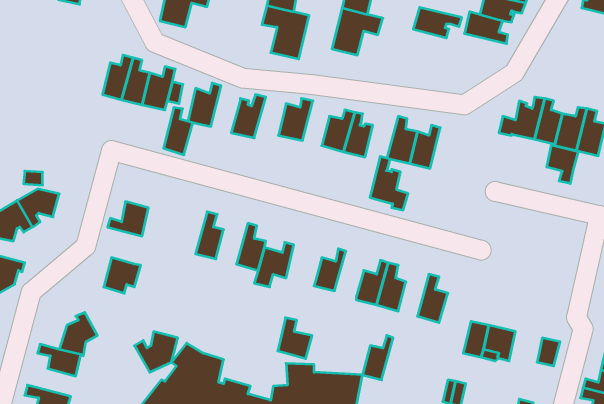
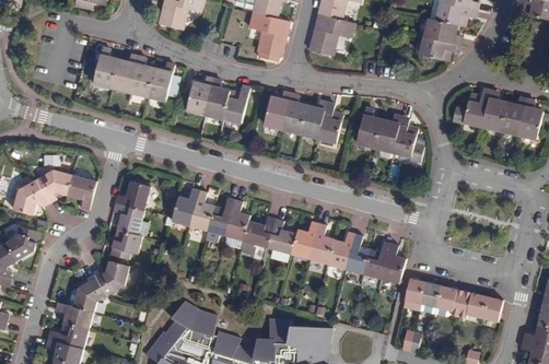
building: [413,7,462,38] -> [416,35,457,61]
building: none -> [91,47,117,87]
building: none -> [282,93,305,131]
building: [164,108,193,155] -> [203,80,229,120]
building: [547,145,578,184] -> none
building: [370,157,408,210] -> [392,116,424,162]
building: none -> [68,173,97,208]
building: none -> [173,186,200,224]
building: none -> [206,196,235,240]
building: none -> [113,201,144,233]
building: none -> [309,222,335,261]
building: none -> [404,278,427,310]
building: [278,318,312,359] -> [268,216,297,251]
building: [134,332,178,372] -> [93,259,130,294]
building: none -> [459,291,488,317]
building: [363,335,393,380] -> [364,239,390,278]
building: none -> [46,322,87,347]

